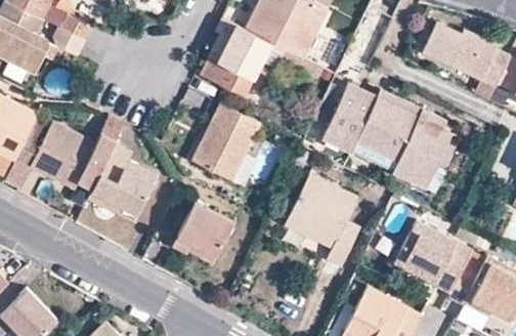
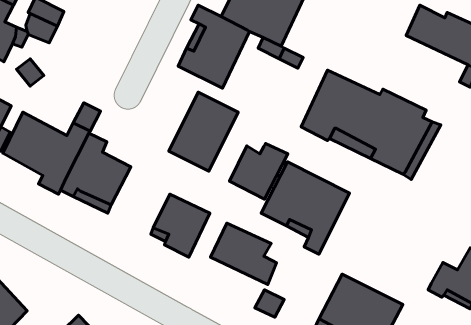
building: none -> [230,144,288,199]
building: [393,221,471,291] -> none
building: none -> [210,223,277,284]

